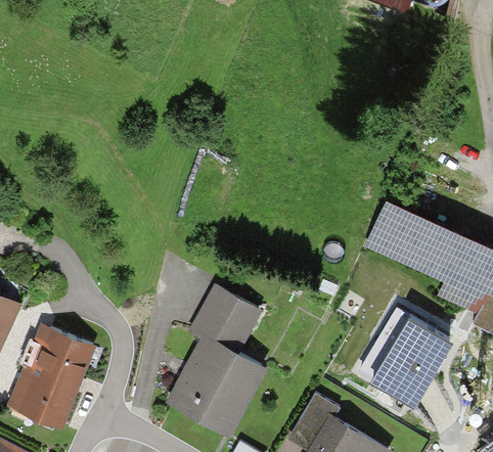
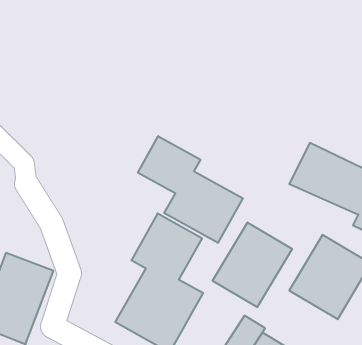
building: none -> [138,136,243,243]
building: none -> [213,222,292,307]

